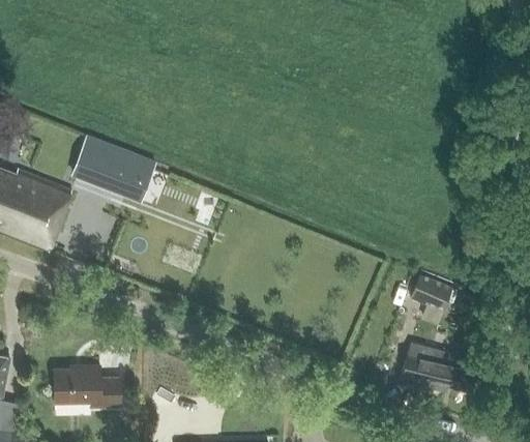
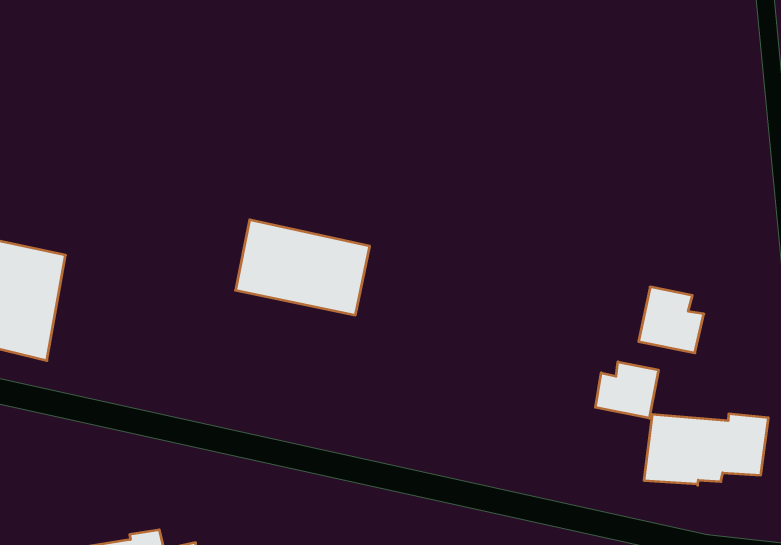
building: [70,136,156,204] -> [235,220,370,315]
building: none -> [595,362,658,418]

